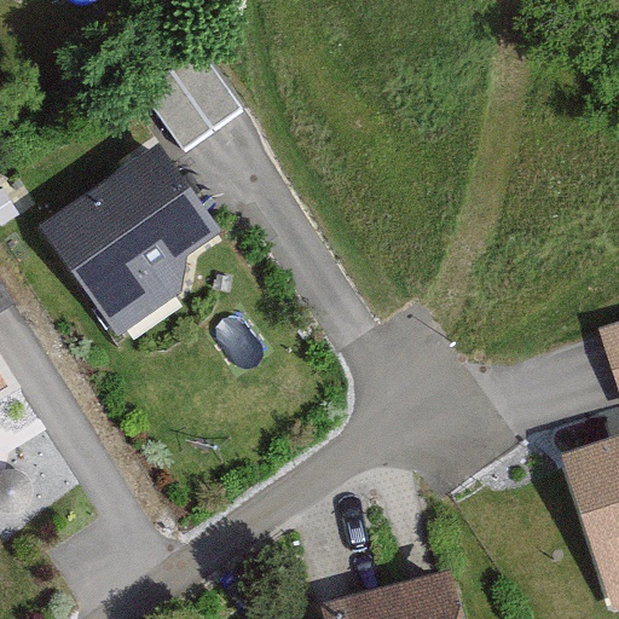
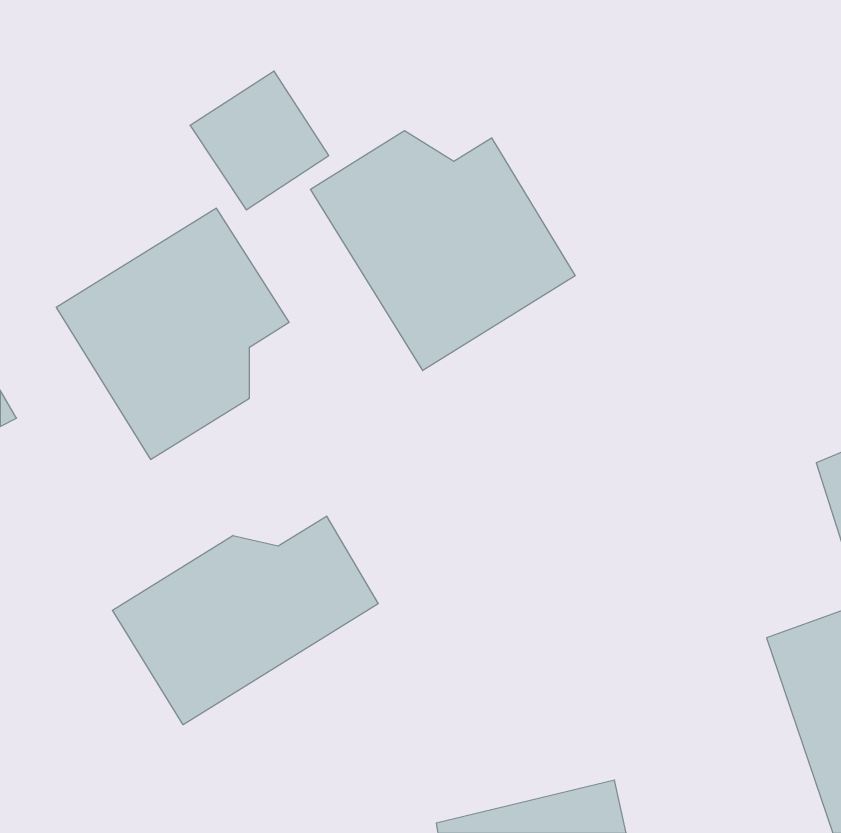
building: none -> [310,131,575,371]
building: none -> [112,516,378,725]

